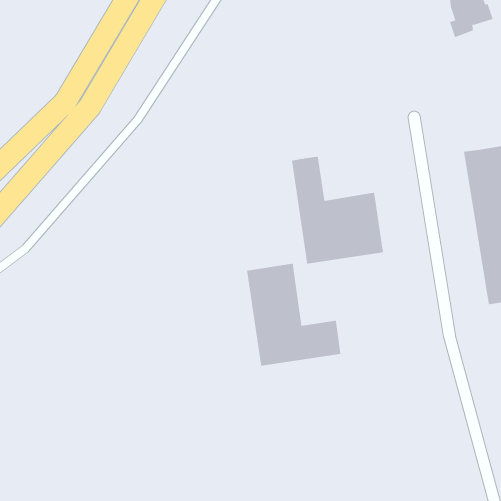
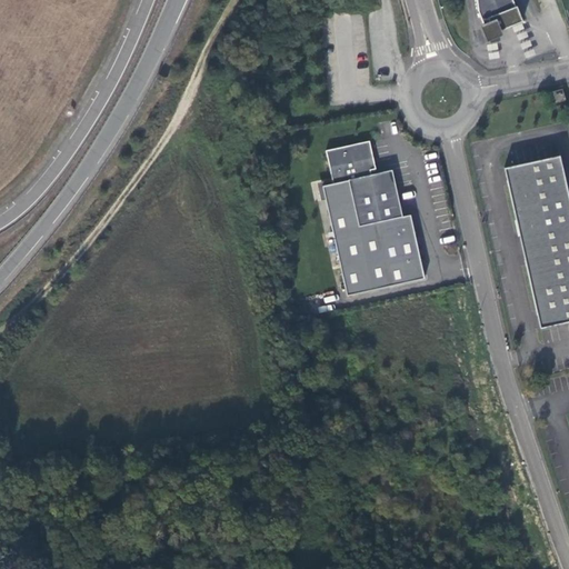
building: none -> [328,140,405,226]
building: [247,263,341,366] -> none

